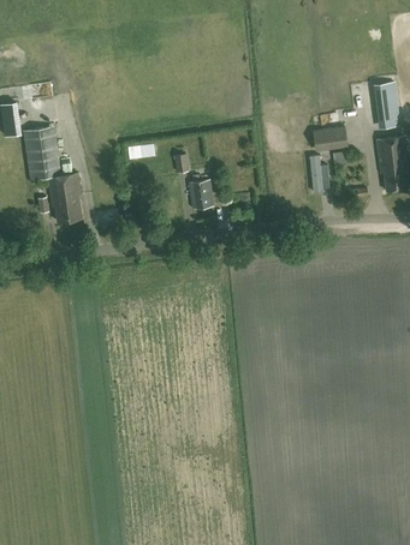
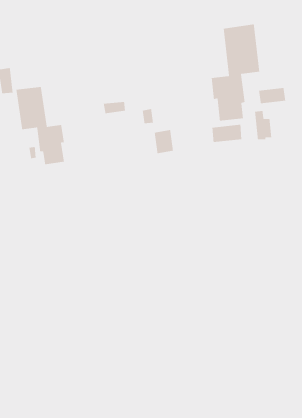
building: none -> [211,24,260,122]
building: none -> [212,124,242,143]

